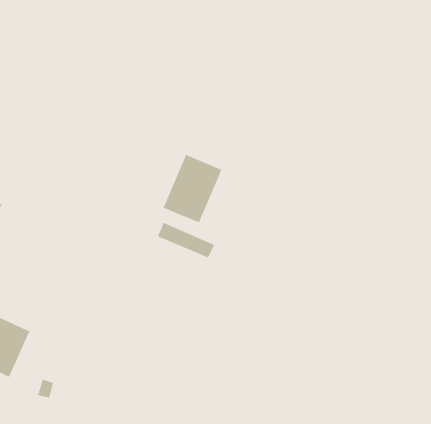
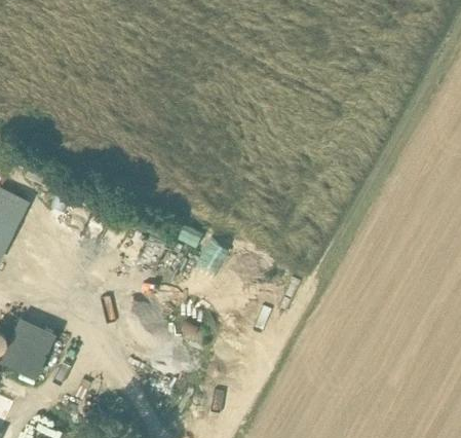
building: [163,154,222,223] -> none

